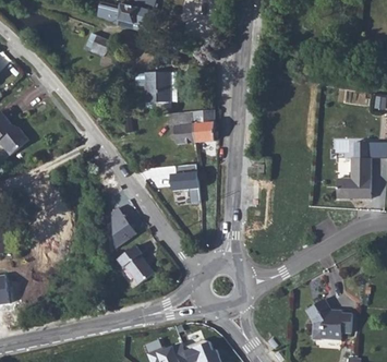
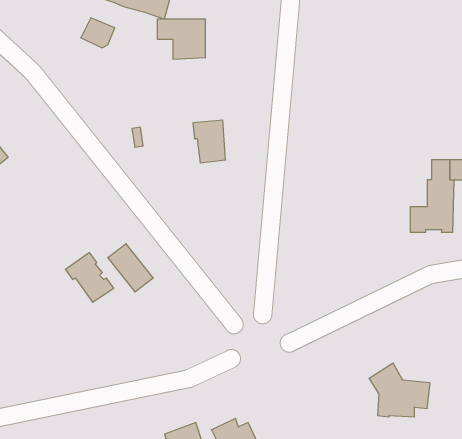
building: [133,72,170,102] -> [157,19,206,59]
building: [193,109,214,142] -> none
building: [171,162,201,201] -> none
building: [117,245,154,283] -> [65,253,114,302]

